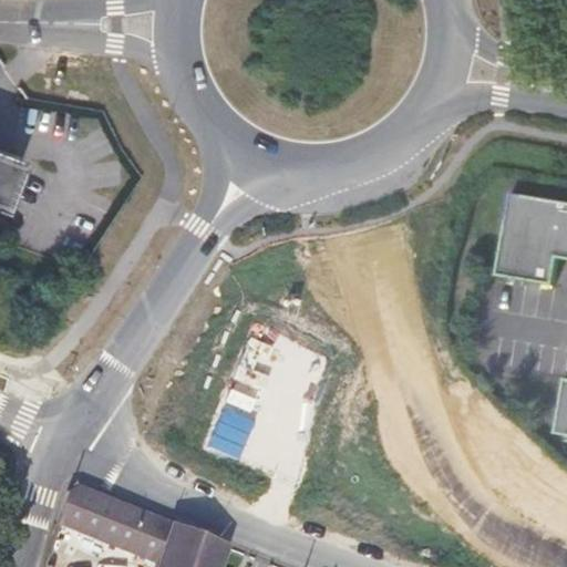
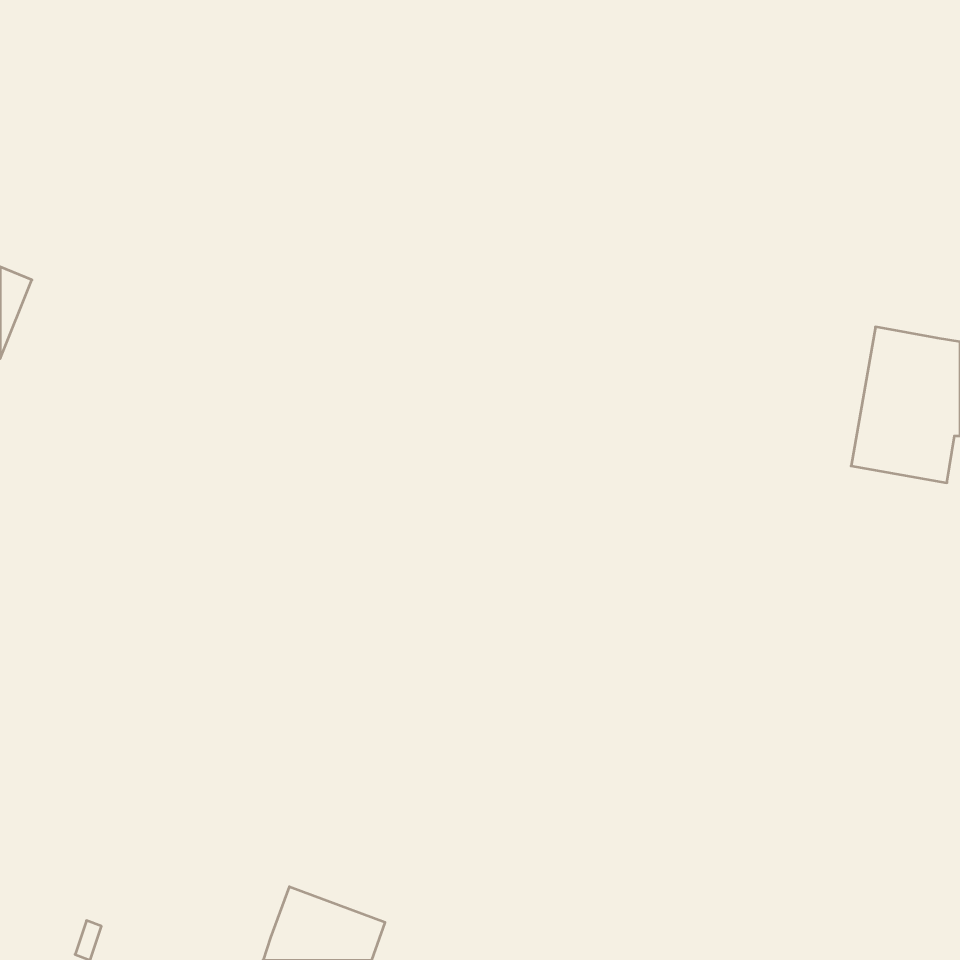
building: [60,486,171,553] -> none

